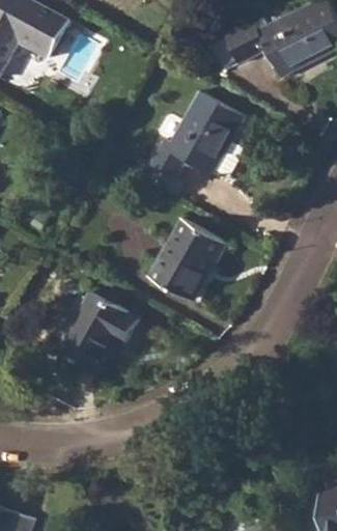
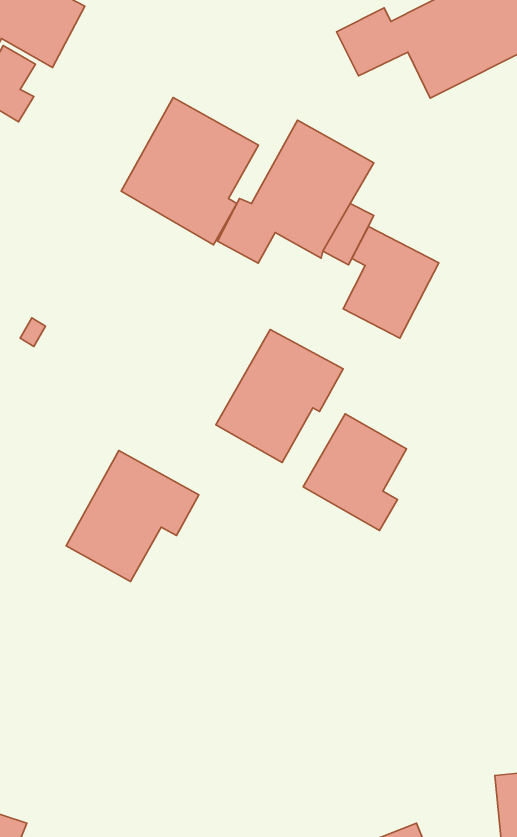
building: none -> [121,97,259,245]
building: none -> [343,227,439,338]
building: none -> [303,414,407,530]

